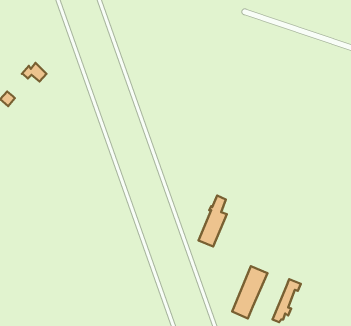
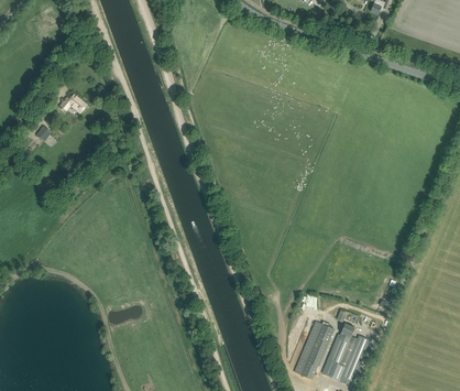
building: [198,195,227,247] -> [324,323,355,380]

